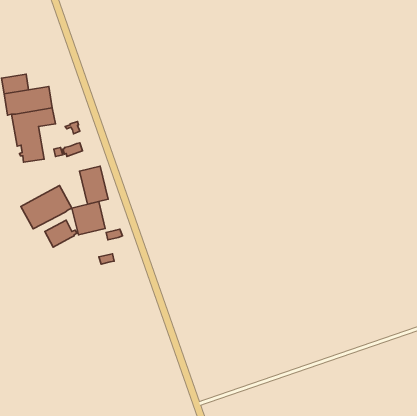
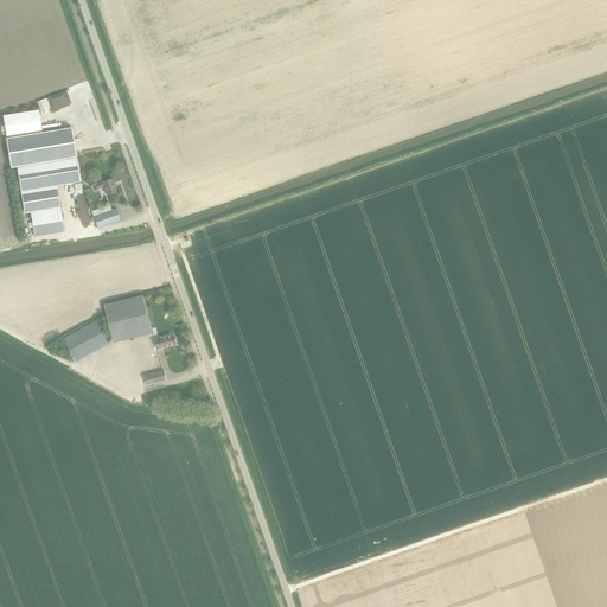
building: [80,166,108,204] -> none
building: [21,186,72,229] -> none

